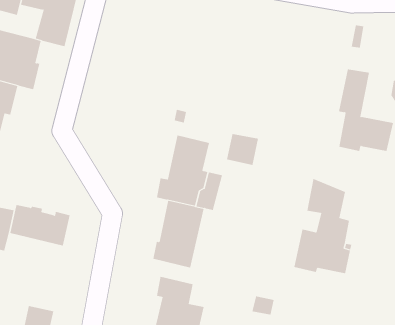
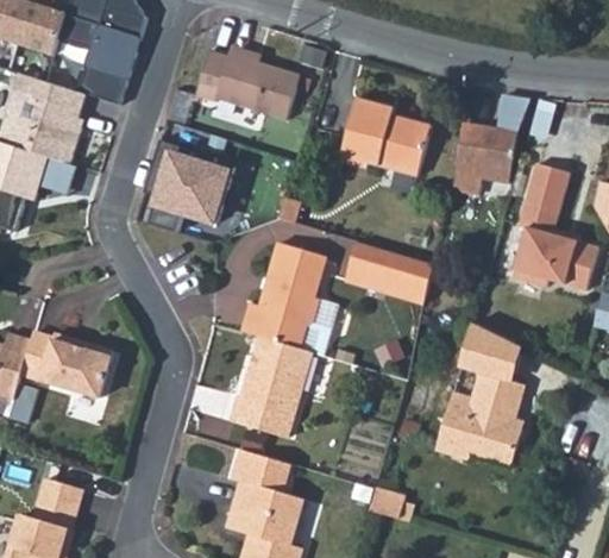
building: none -> [189,52,296,120]
building: none -> [451,92,526,186]
building: none -> [332,100,422,181]
building: none -> [147,140,232,234]
building: none -> [385,255,435,305]

